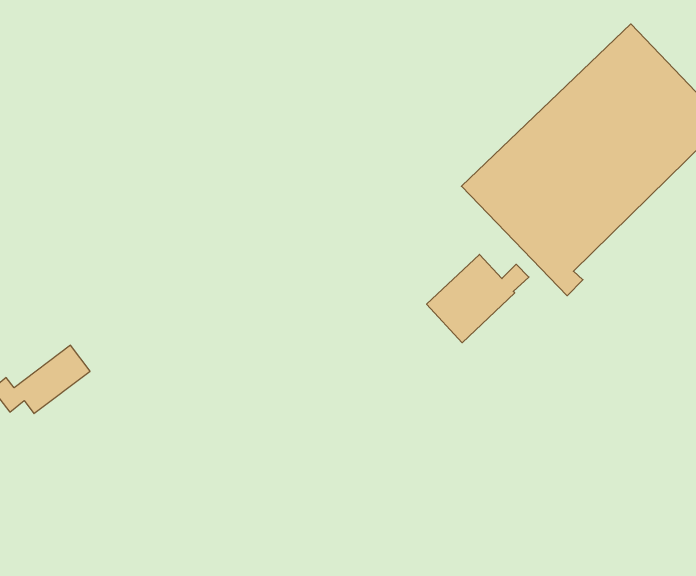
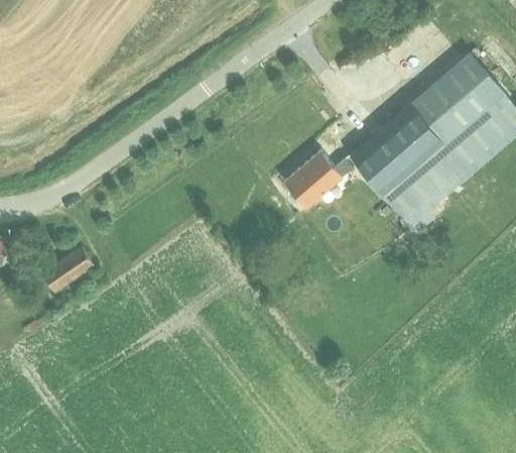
building: [427,254,529,343] -> [283,150,353,209]

